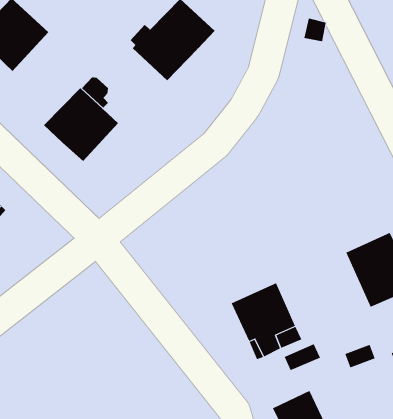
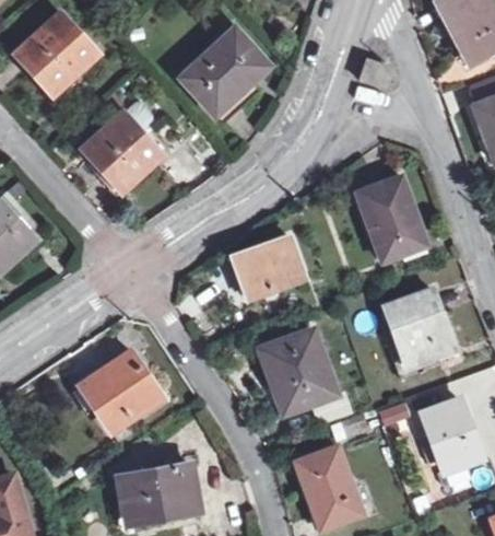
building: none -> [358,177,426,261]
building: none -> [234,238,304,300]
building: none -> [80,352,160,431]

